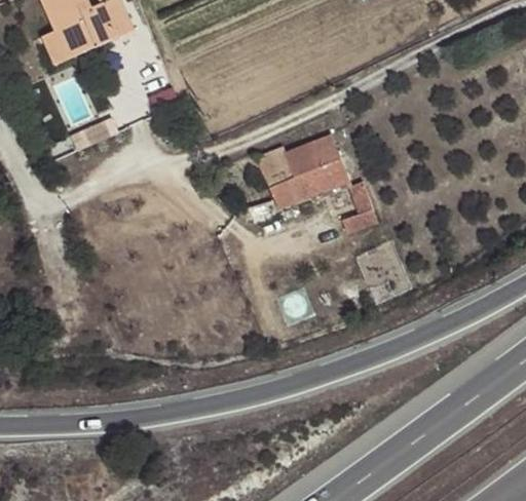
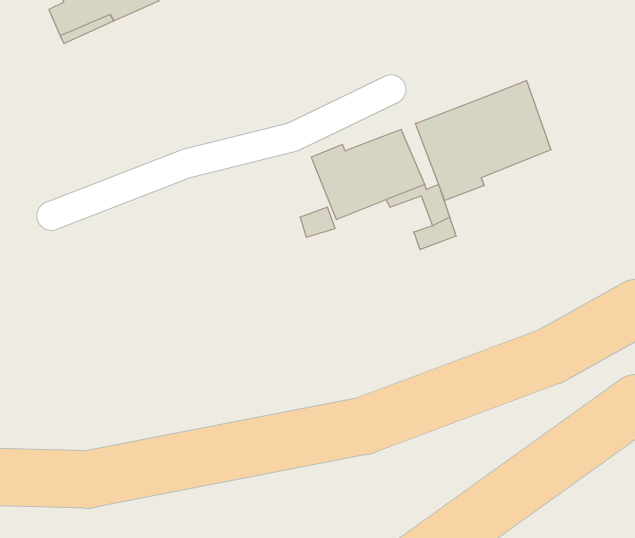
building: none -> [415,80,551,201]

